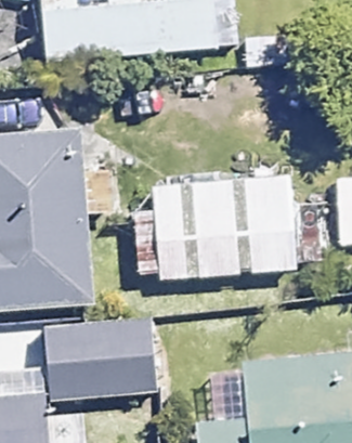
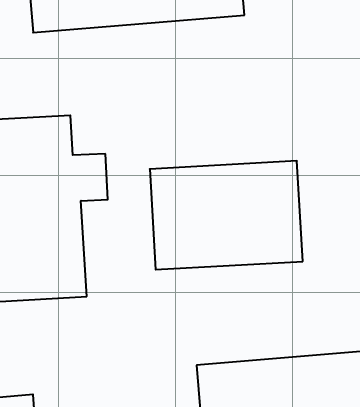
building: [44,321,153,399] -> none

